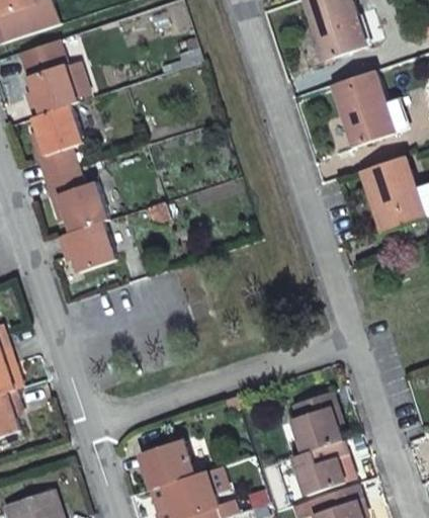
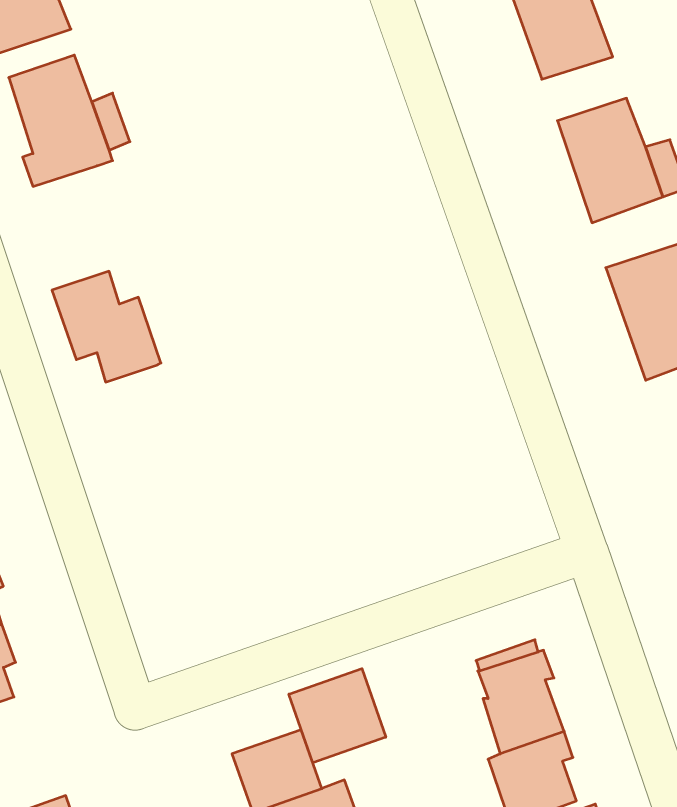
building: [28,109,80,182] -> none
building: [61,226,115,275] -> none
building: none -> [289,669,386,763]

